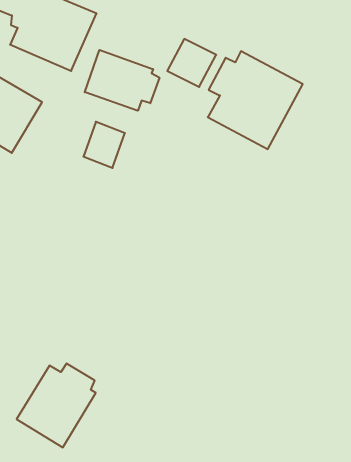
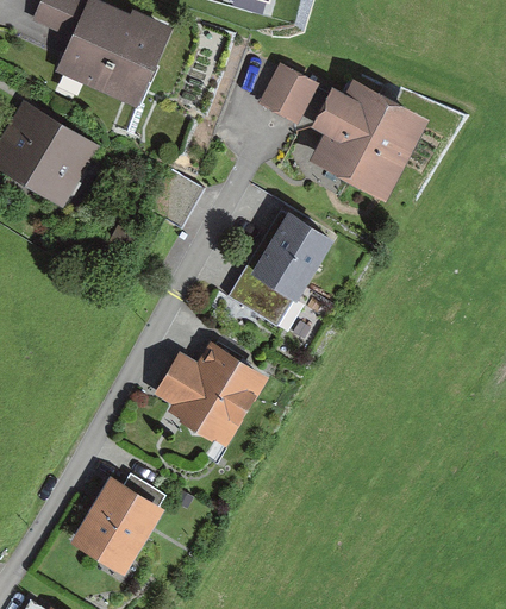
building: [85,50,159,111] -> none
building: none -> [226,211,335,327]
building: none -> [152,341,271,450]

